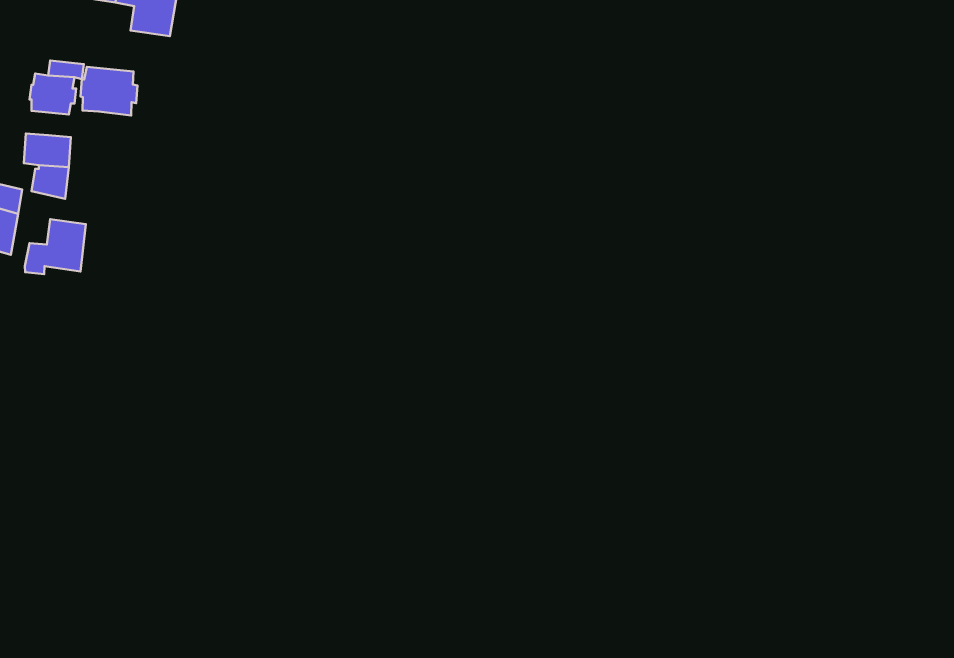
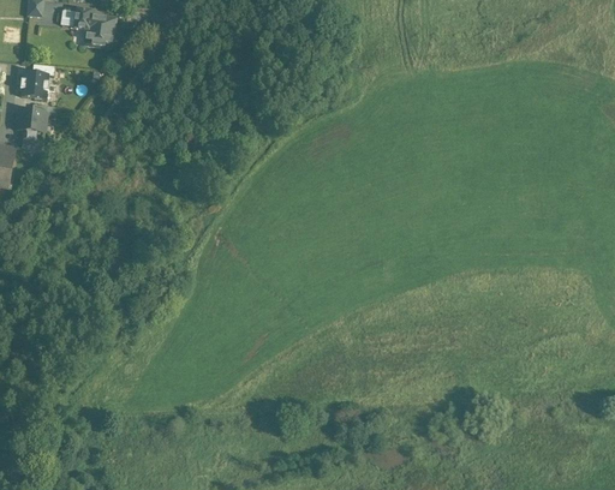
building: [81,67,138,115] -> none
building: [25,219,86,274] -> none

